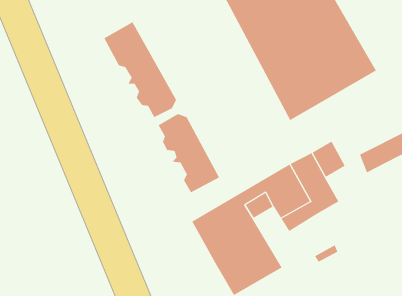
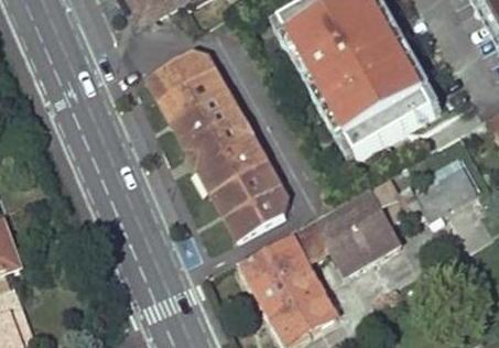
building: none -> [181,46,289,217]

